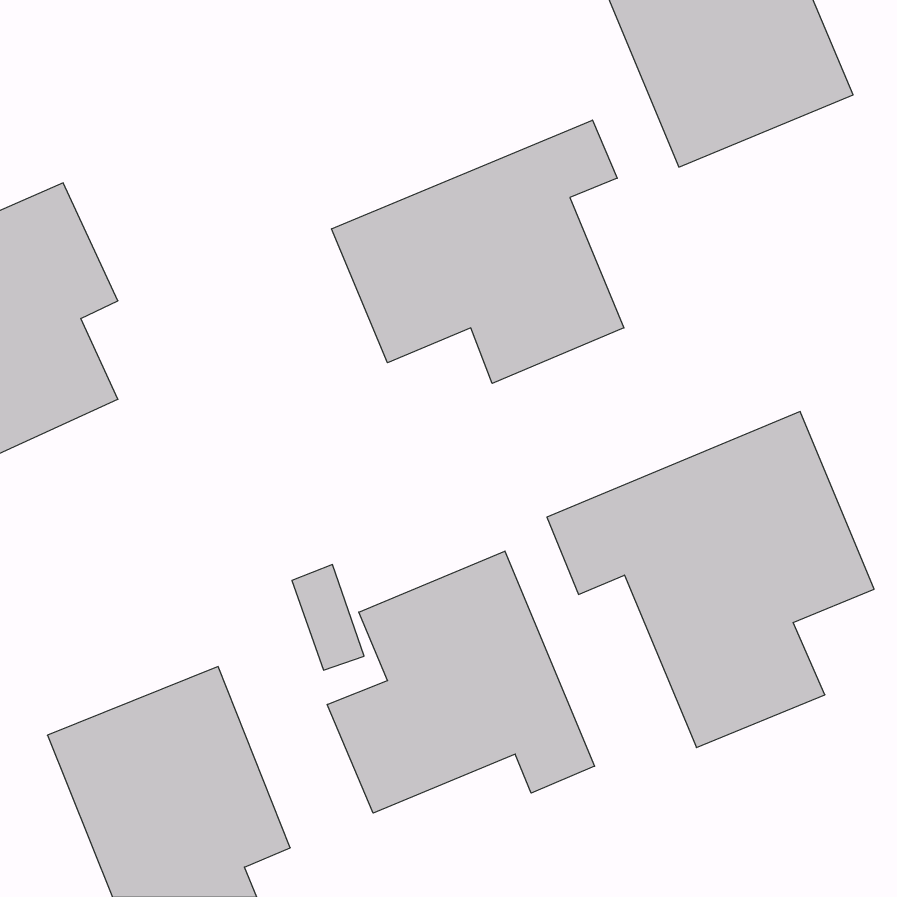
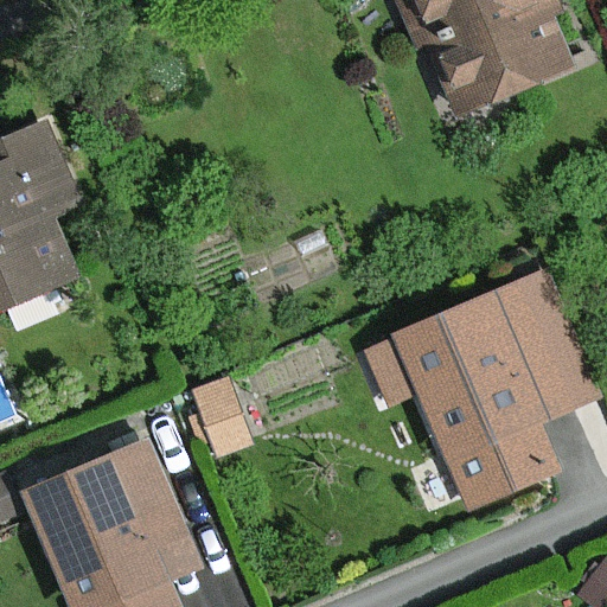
building: [332,120,624,383] -> none
building: [327,551,595,813] -> none

